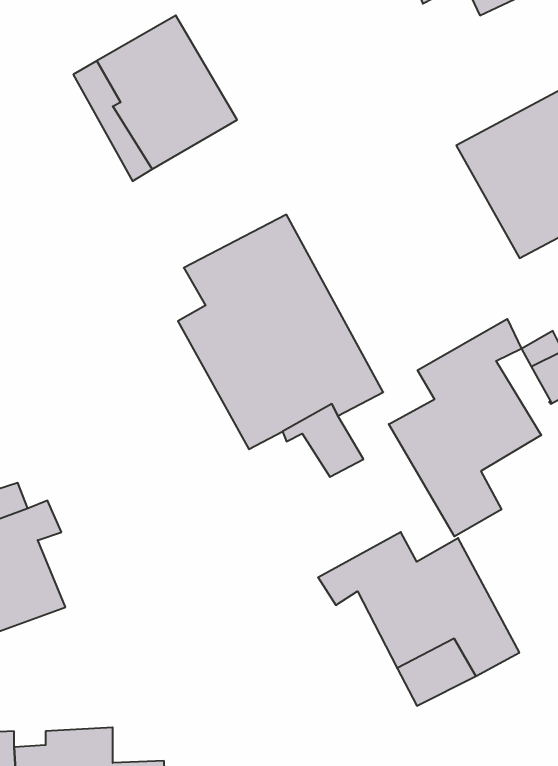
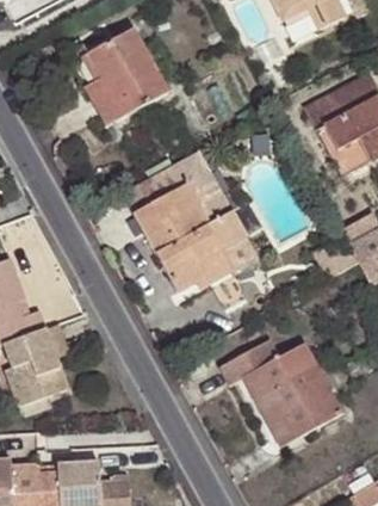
building: [389,319,541,536] -> none

